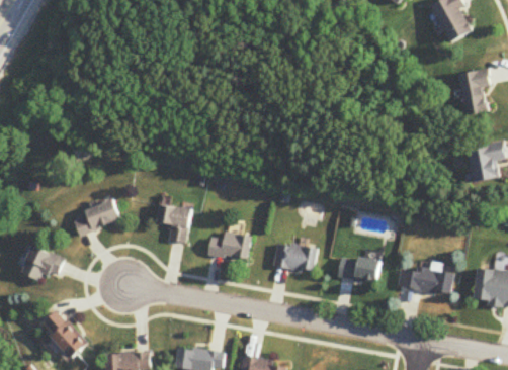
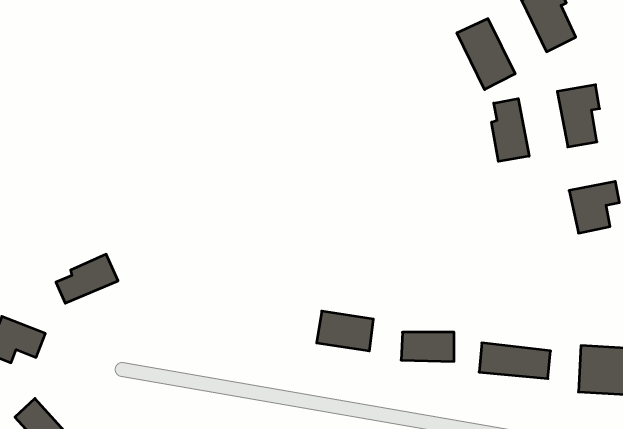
building: none -> [457,19,515,90]
building: none -> [492,99,529,161]
building: [156,205,190,243] -> none
building: [207,232,251,262] -> none

